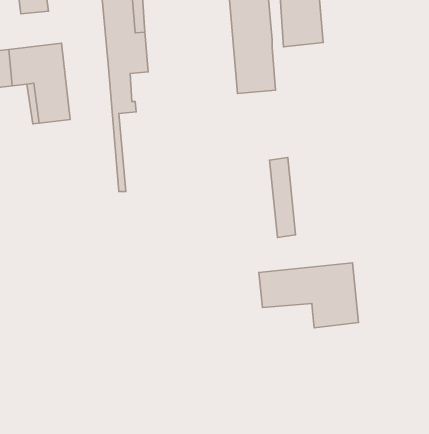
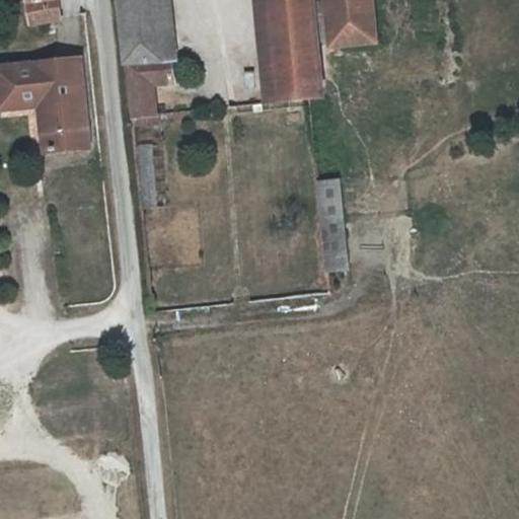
building: [259,263,359,328] -> none

